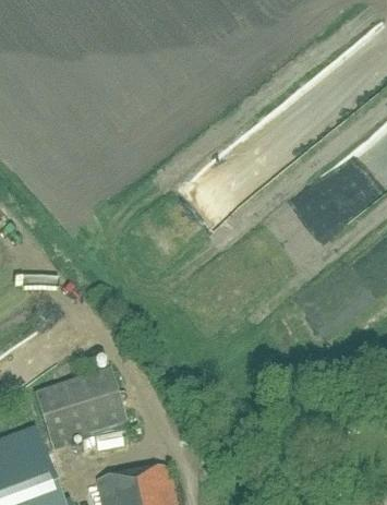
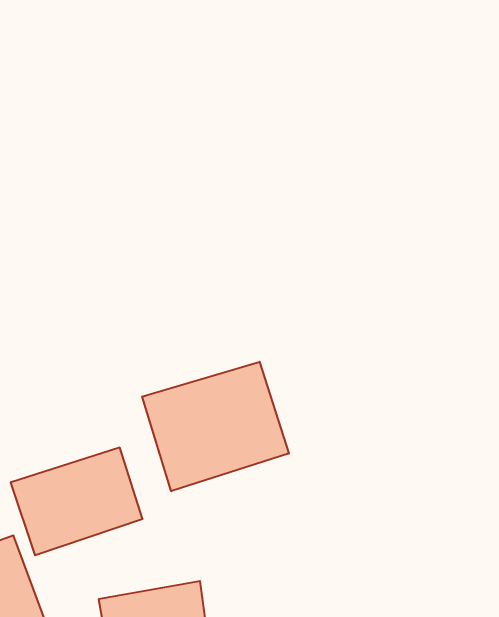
building: none -> [142,362,289,491]

